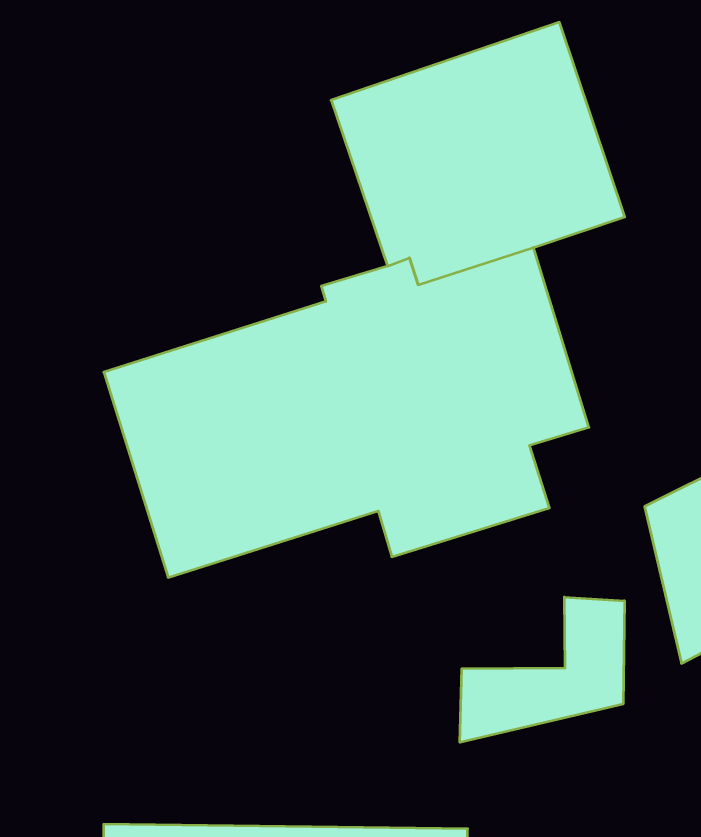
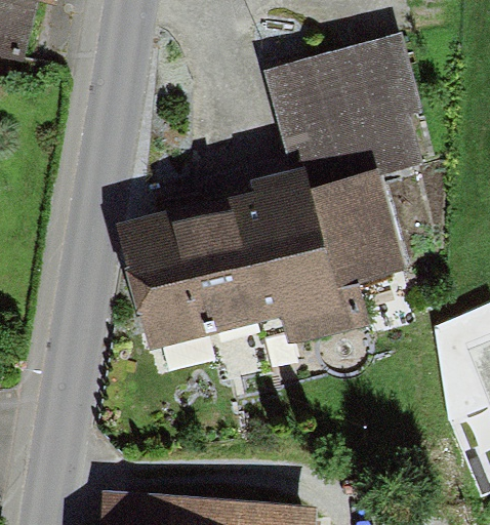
building: [460,597,624,742] -> none

